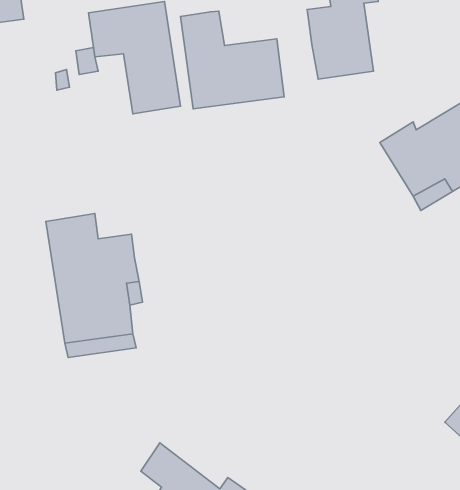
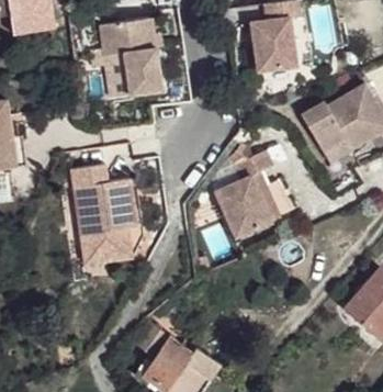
building: [181,11,284,109] -> none
building: none -> [215,149,272,236]

